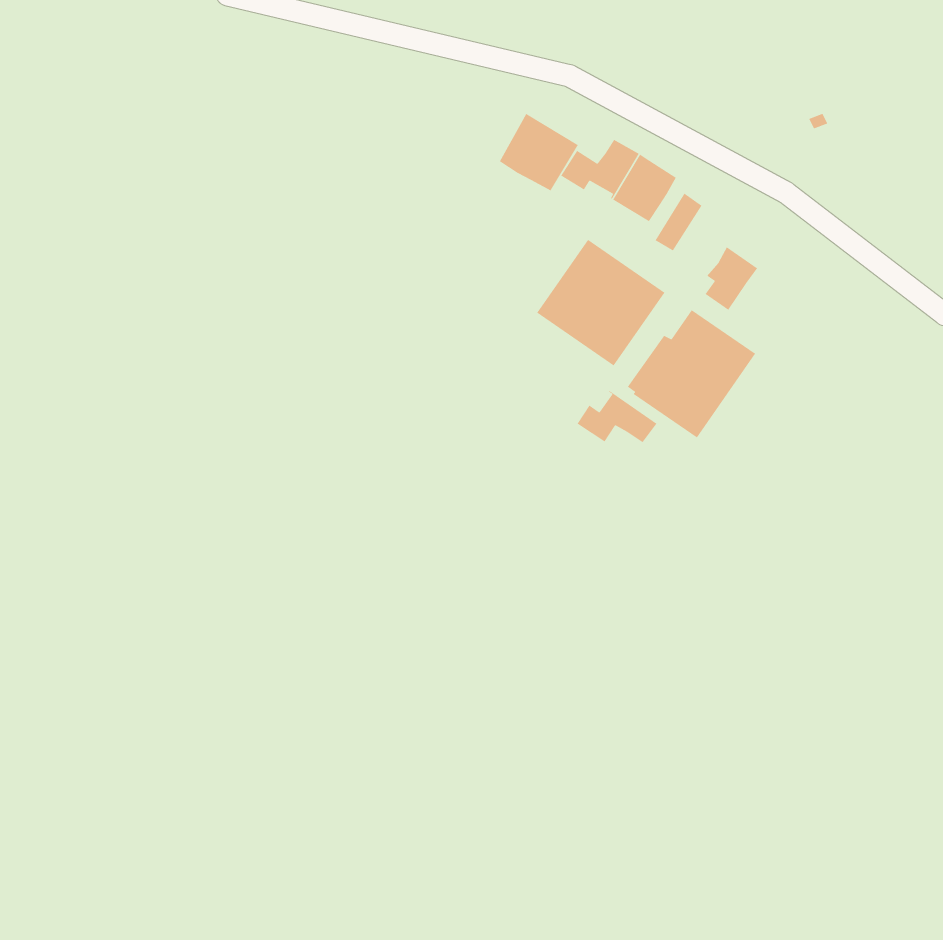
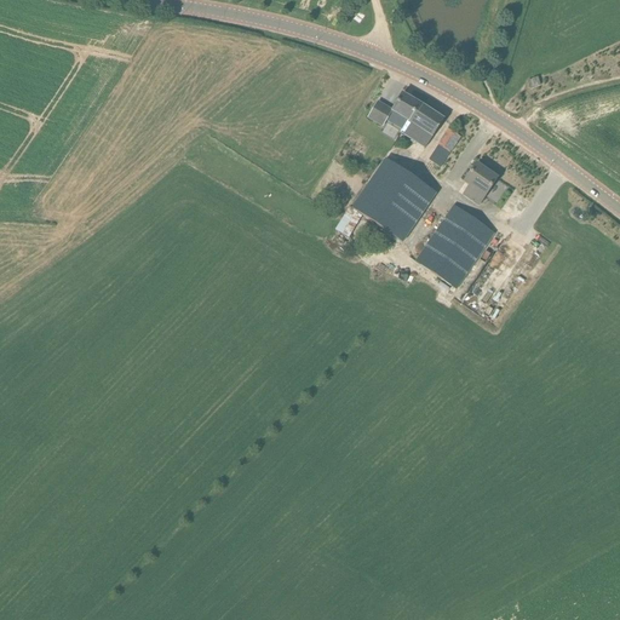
building: [499,113,579,191] -> none
building: [576,389,657,443] -> none

